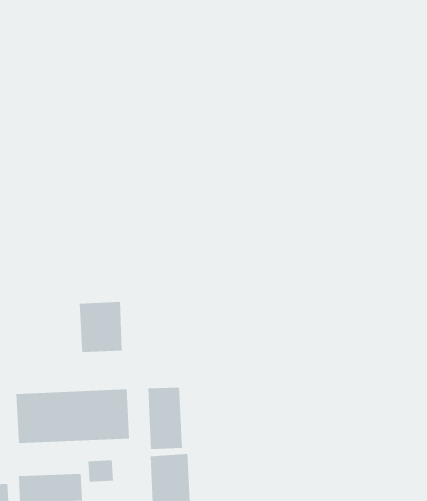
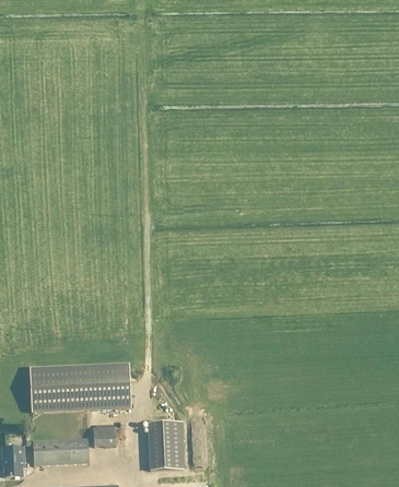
building: [79,301,122,353] -> none
building: [148,387,182,450] -> none

